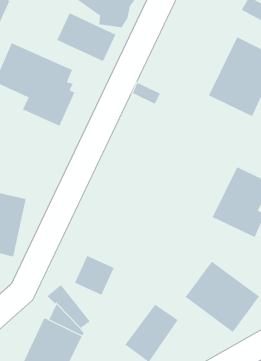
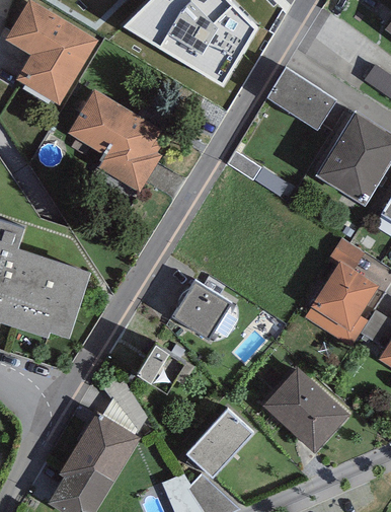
building: [56,12,116,62] -> [266,68,336,130]
building: none -> [171,280,231,340]

